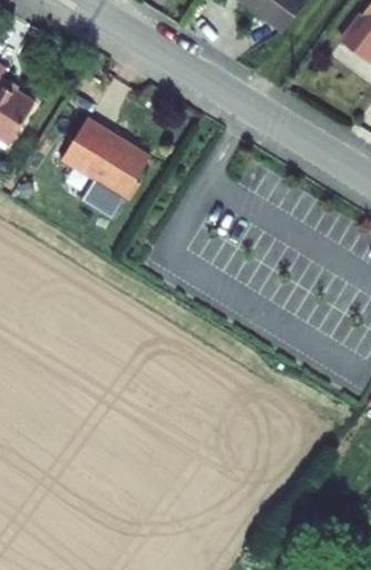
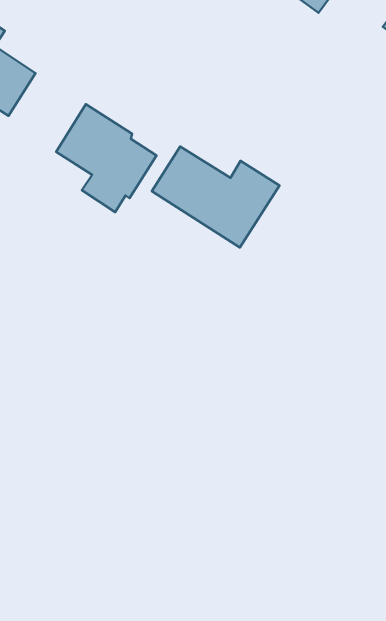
building: none -> [152,147,279,248]

